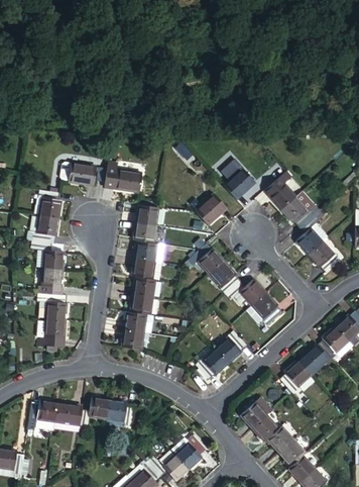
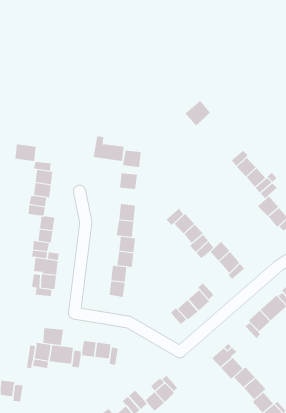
building: [229,164,259,194] -> [185,100,211,127]
building: [73,165,98,185] -> [15,144,37,161]
building: [195,194,226,224] -> none
building: [134,221,156,241] -> [122,150,141,168]
building: none -> [43,328,63,346]

